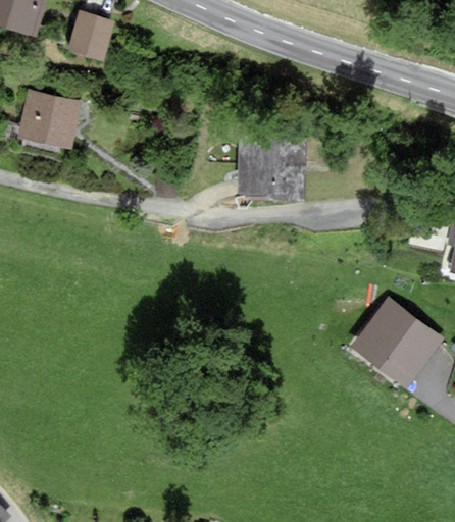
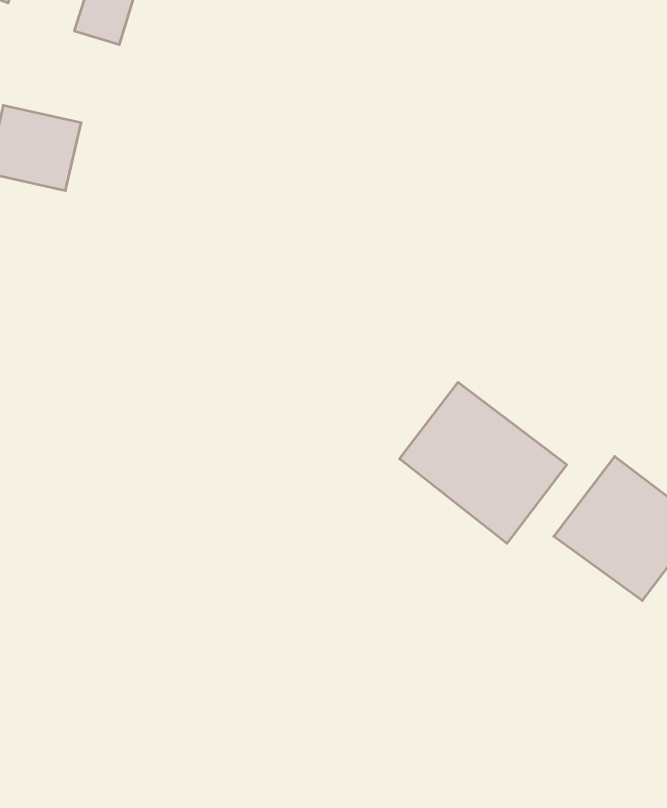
building: [242,143,304,193] -> none
building: none -> [400,382,567,543]

